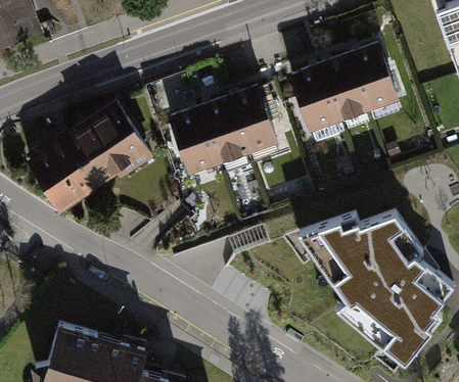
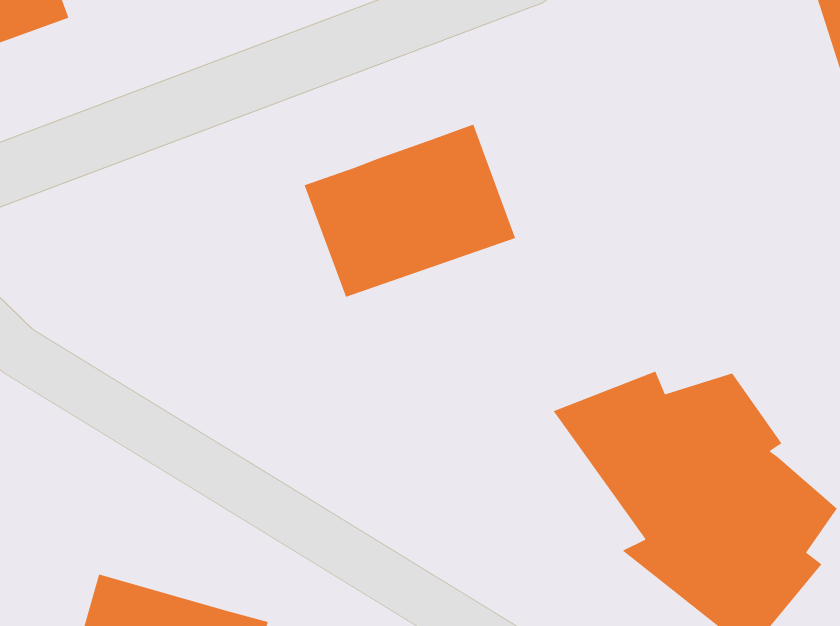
building: [289,43,400,132] -> none
building: [28,101,153,213] -> none

